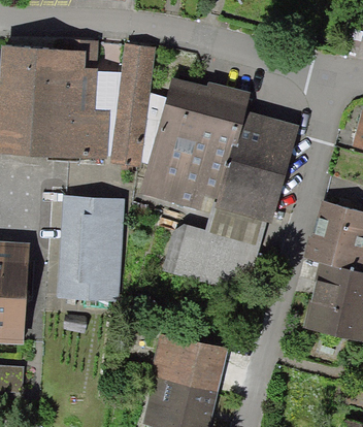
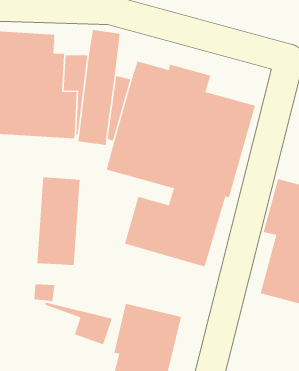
building: none -> [44,302,112,345]

